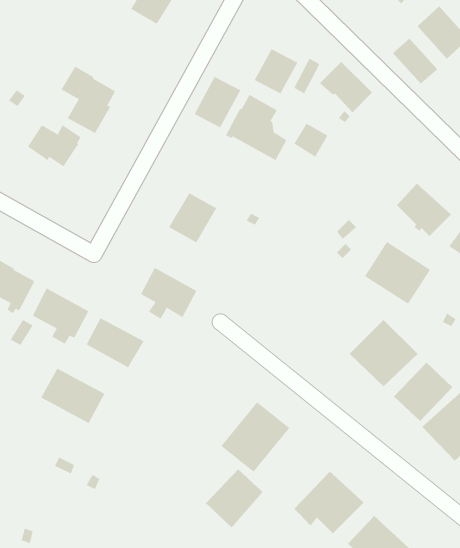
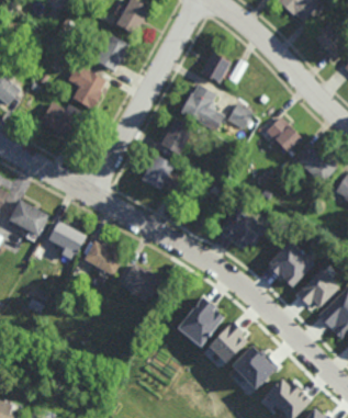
building: none -> [94,35,128,74]
building: [392,38,438,85] -> none
building: [319,61,373,113] -> [266,115,303,151]
building: [194,76,241,128] -> [160,116,193,152]
building: [364,241,431,305] -> [220,206,266,250]
building: [140,267,197,319] -> [123,261,162,297]
building: [41,368,105,424] -> none
building: [205,468,264,529] -> [207,323,248,364]

